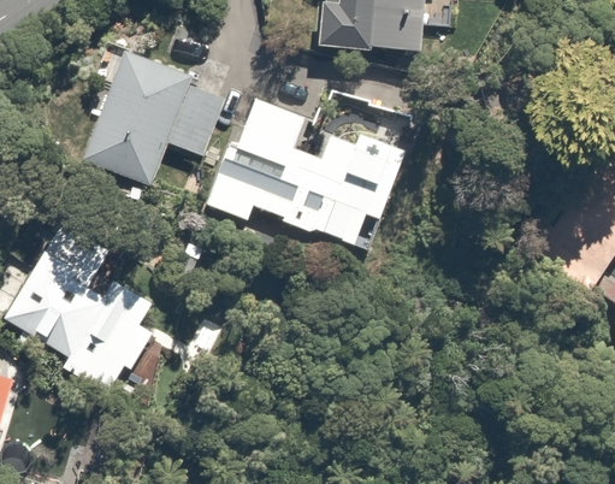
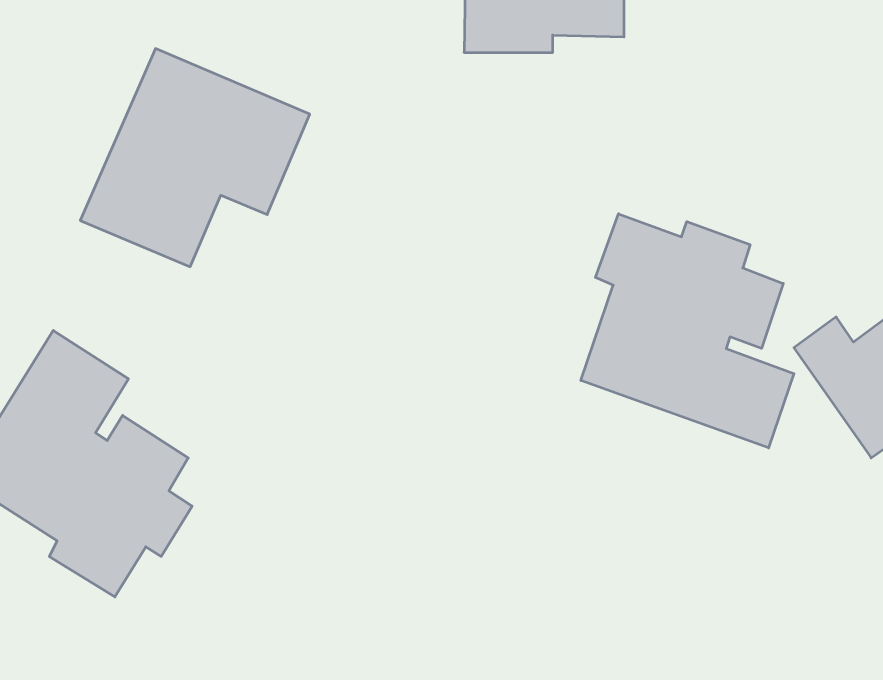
building: [203,92,407,247] -> none
building: none -> [581,214,794,448]

